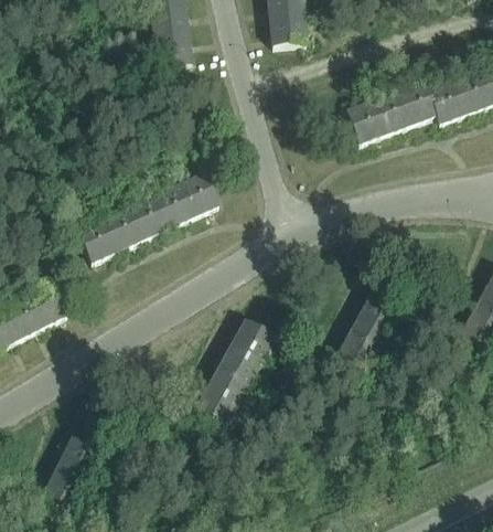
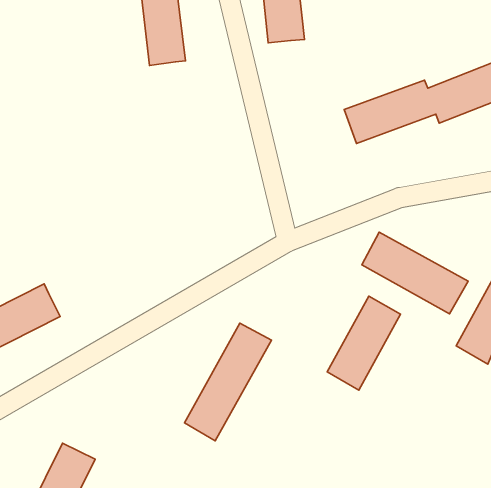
building: [77,171,219,260] -> none
building: none -> [362,232,468,314]

